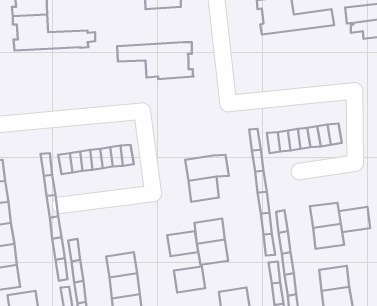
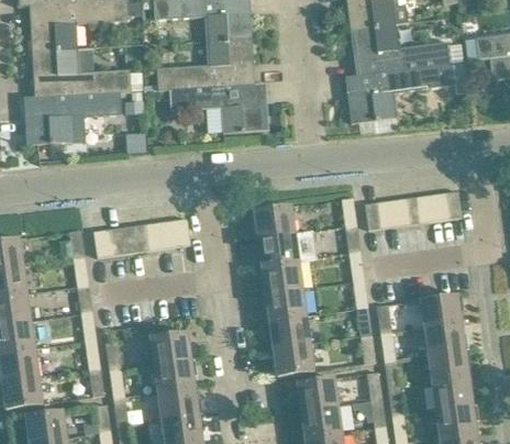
building: none -> [156,38,255,90]
building: none -> [346,62,464,123]
building: none -> [23,91,121,144]
building: none -> [254,206,293,238]
building: [339,207,370,232] -> [428,349,468,382]
building: none -> [151,331,190,365]
building: [167,231,198,256] -> [265,288,306,321]
building: [174,266,205,292] -> [297,377,337,411]

